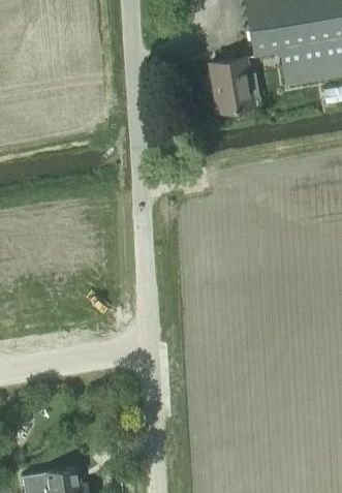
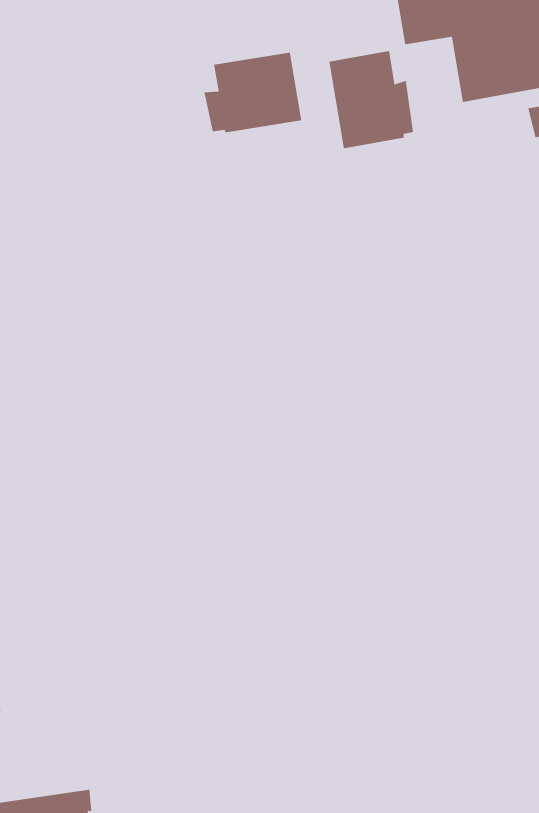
building: none -> [204,52,302,133]

